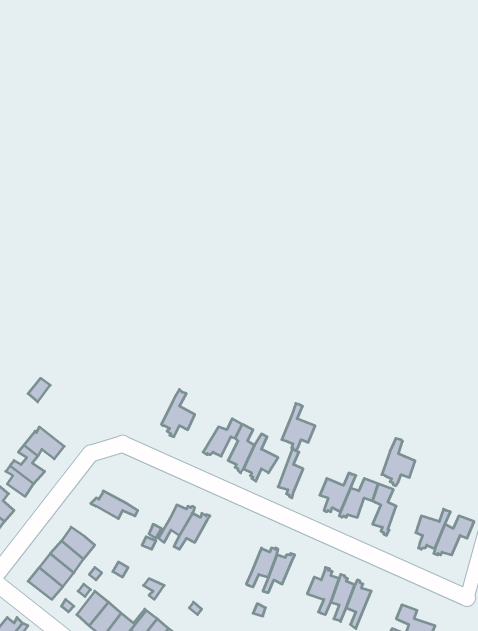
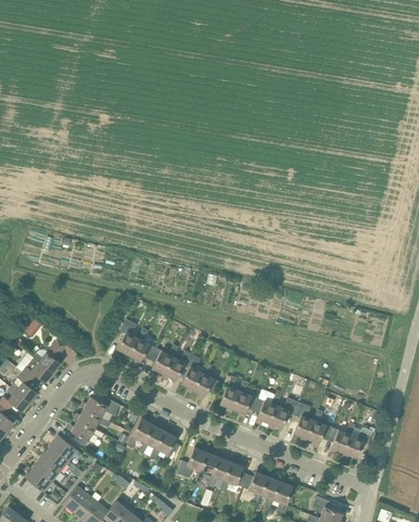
building: none -> [116,320,137,359]
building: none -> [33,339,66,373]
building: [282,403,315,451] -> [231,381,257,418]
building: none -> [149,346,178,374]
building: [382,438,415,486] -> [305,410,331,447]
building: none -> [79,397,119,418]
building: none -> [67,420,104,447]
building: none -> [149,431,178,460]
building: none -> [176,448,207,479]
building: none -> [219,462,247,493]

